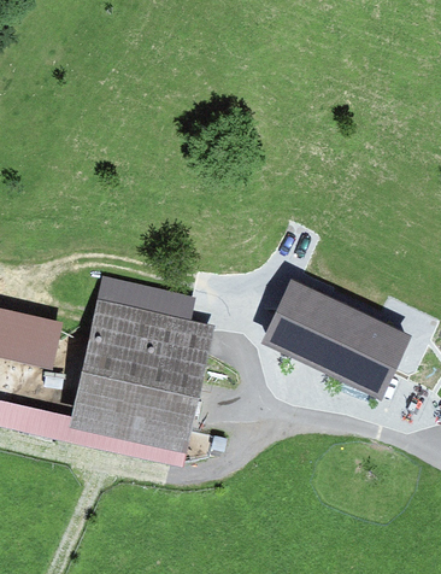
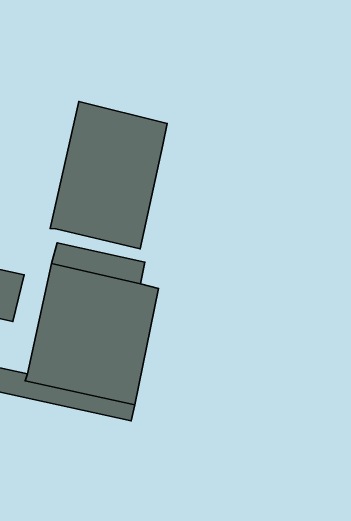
building: none -> [50,101,167,249]
building: [263,274,400,404] -> none

